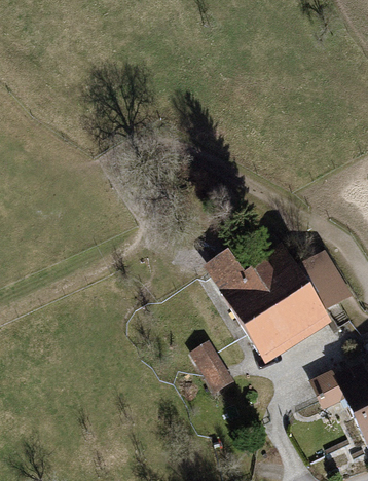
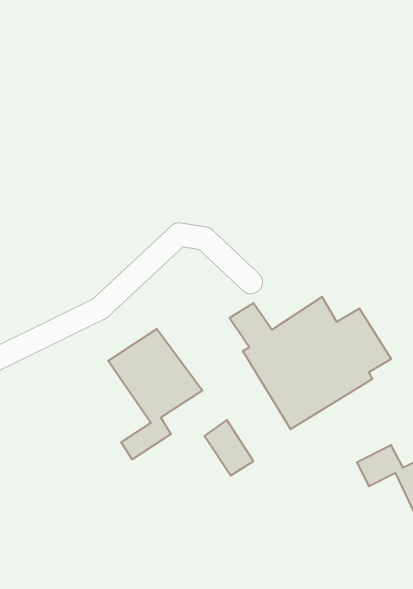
building: none -> [108,329,202,459]

